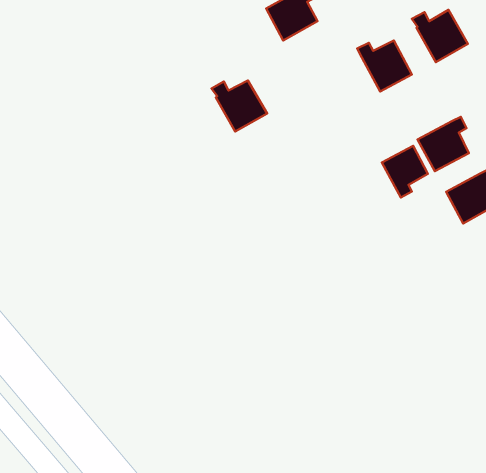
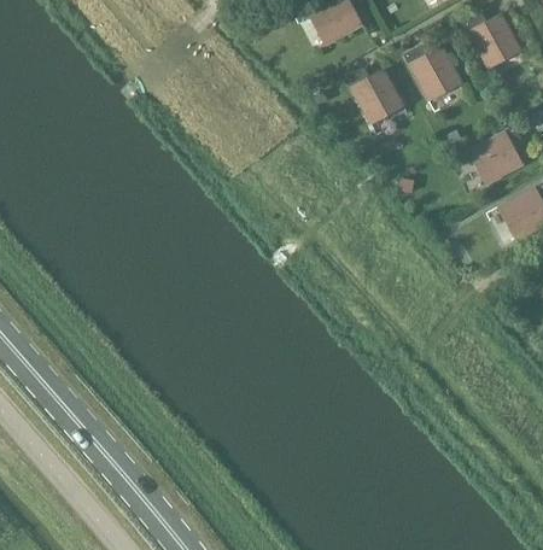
building: [211,80,267,132] -> [345,70,404,124]
building: [382,146,428,197] -> none

